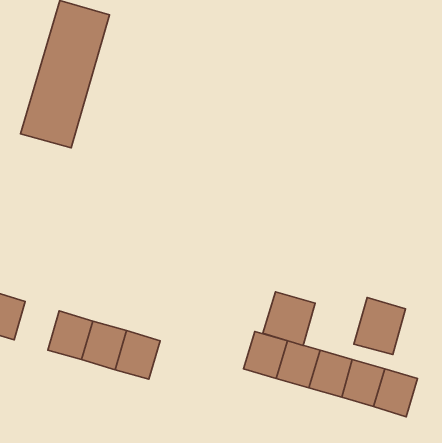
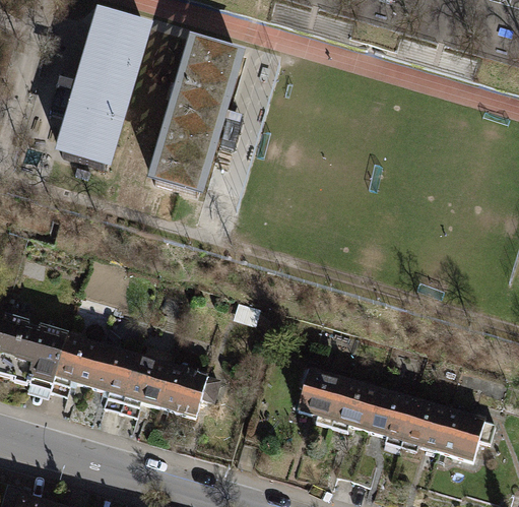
building: none -> [146,35,243,194]
building: [263,292,315,345] -> none
building: [354,298,406,355] -> none
building: none -> [48,333,96,386]

